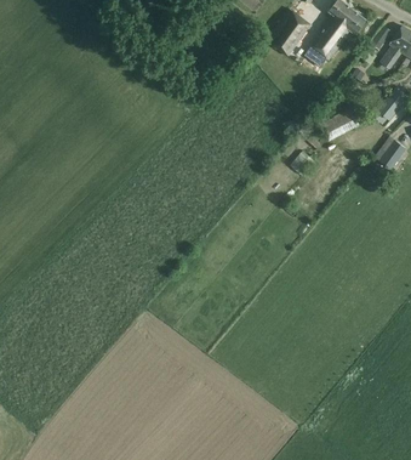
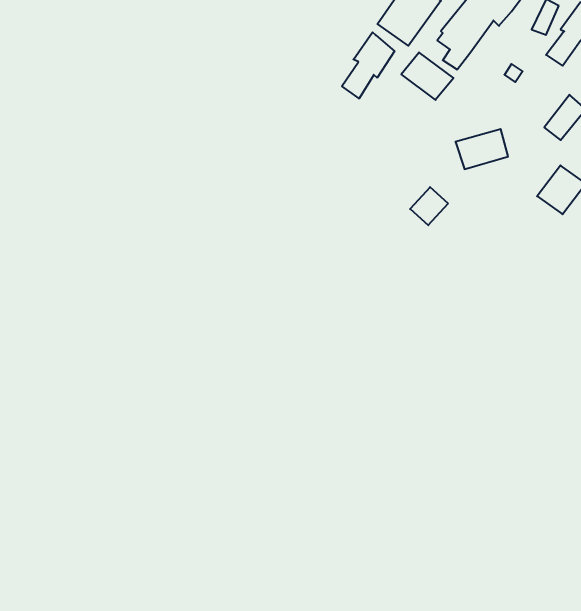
building: none -> [342,32,394,99]
building: none -> [401,52,453,100]

